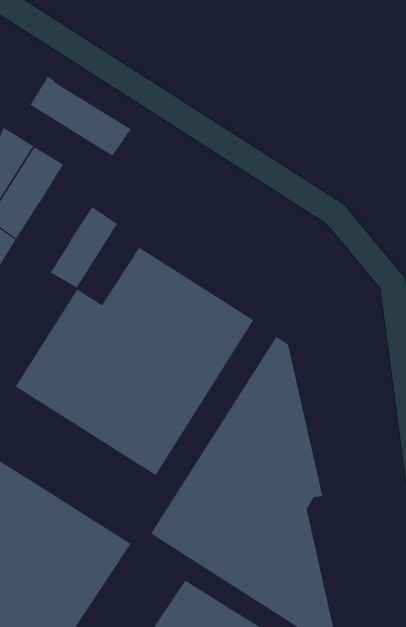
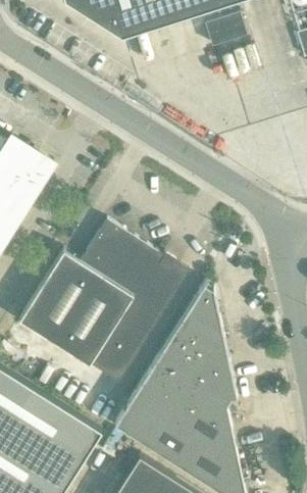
building: [28,76,131,156] -> none
building: [50,206,119,289] -> none

